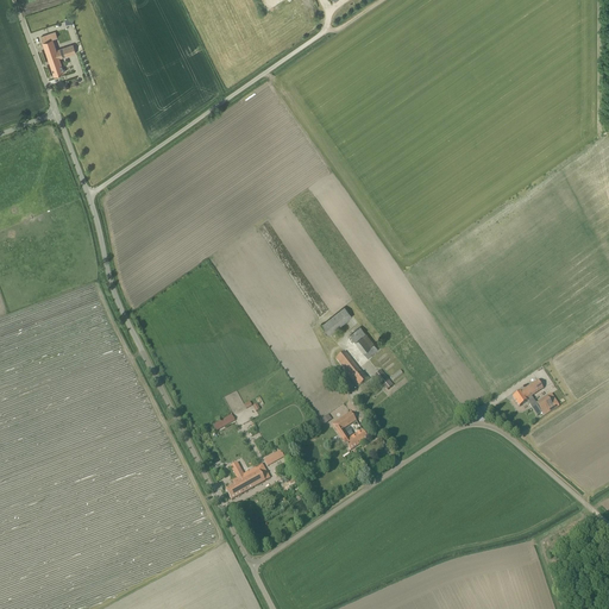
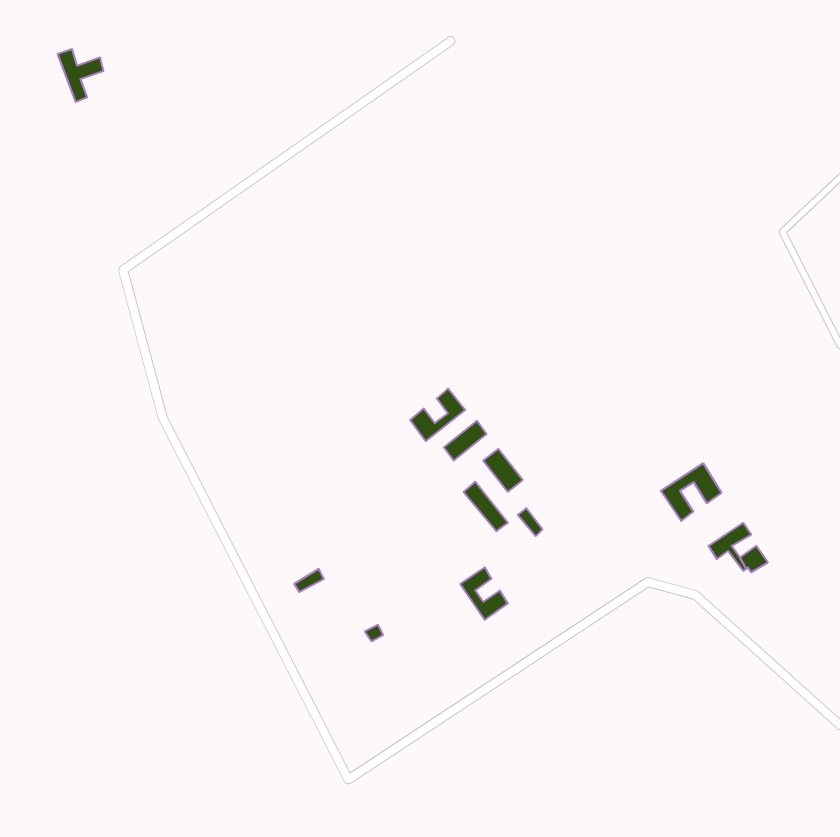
building: none -> [410,388,465,441]
building: none -> [661,463,721,521]
building: [226,460,270,497] -> none

